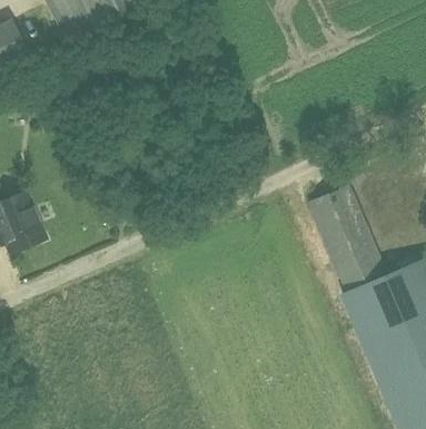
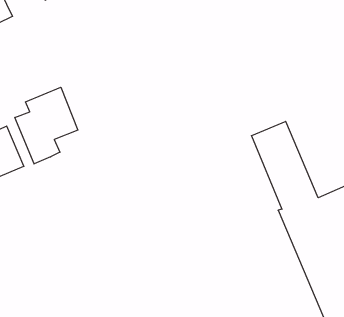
building: none -> [15,87,78,164]

